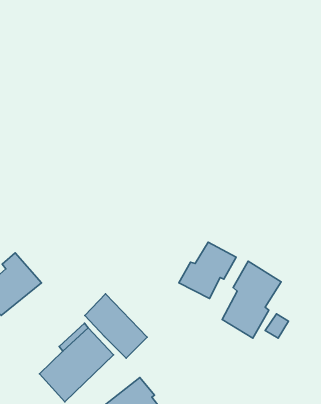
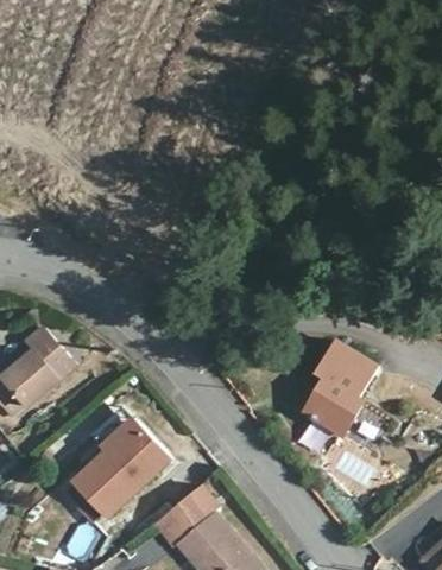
building: [179,242,236,299] -> none
building: [85,294,147,358] -> none

